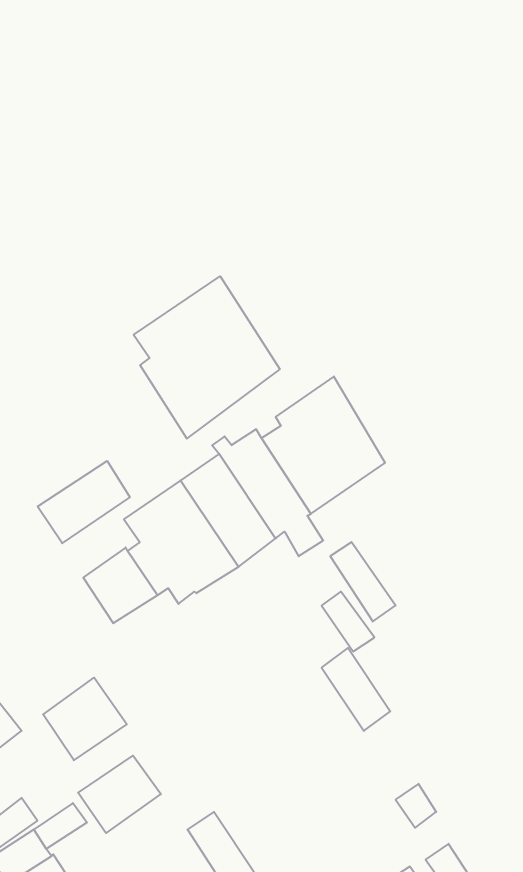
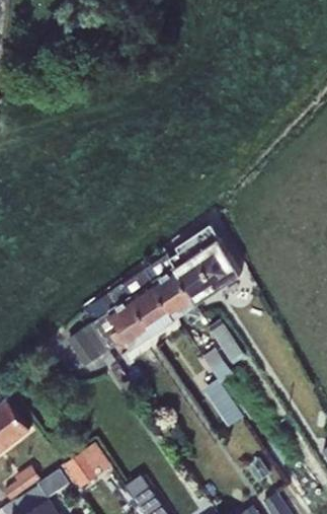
building: [134,276,280,439] -> none
building: [38,461,130,543] -> none
building: [43,678,127,760] -> none

